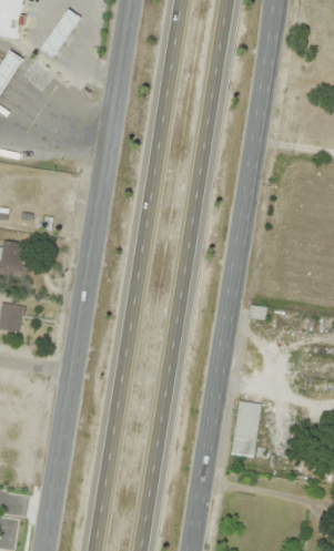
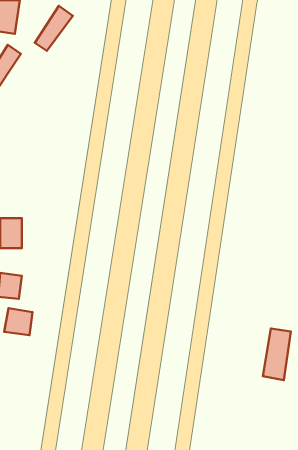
building: none -> [4,308,33,335]
building: [231,401,262,459] -> [263,328,291,380]

